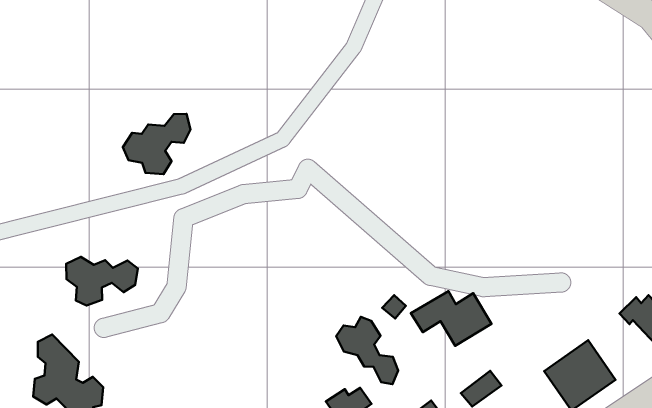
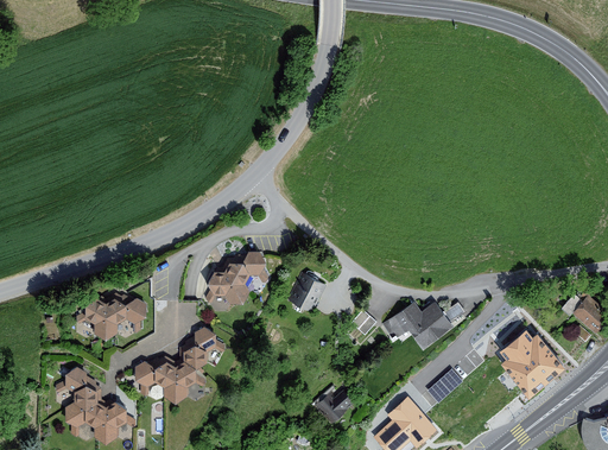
building: [123,114,191,174] -> [207,251,264,304]
building: none -> [290,274,328,315]
building: none -> [134,328,214,404]
building: [336,317,398,384] -> none

